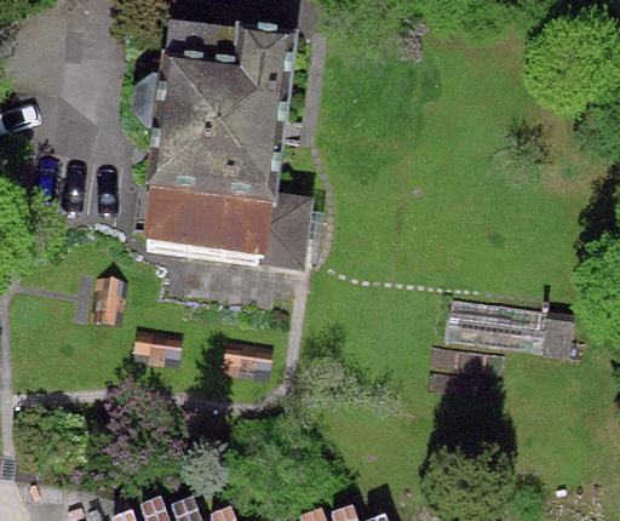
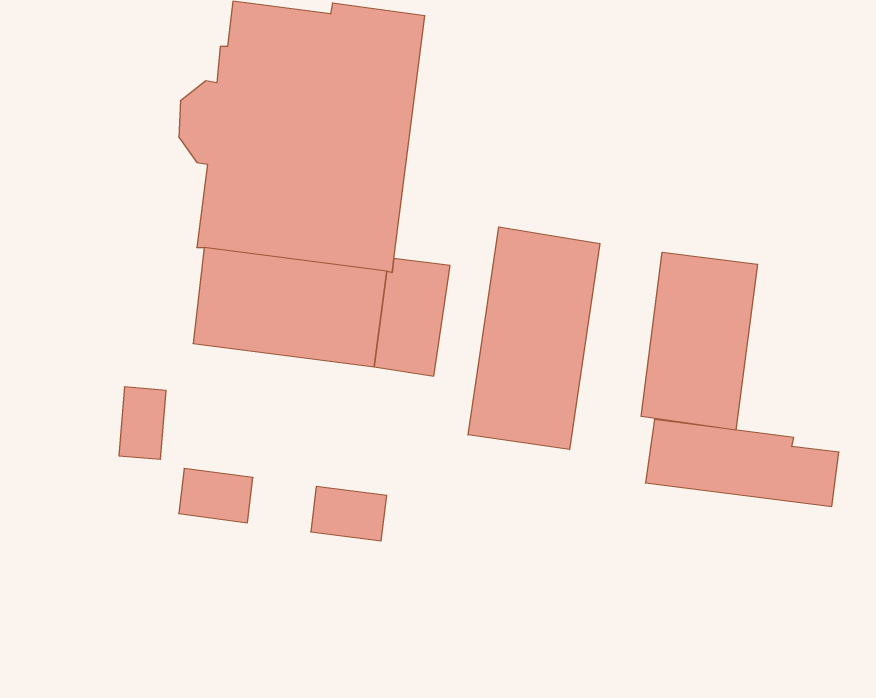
building: none -> [468,227,600,450]
building: none -> [641,252,758,430]

